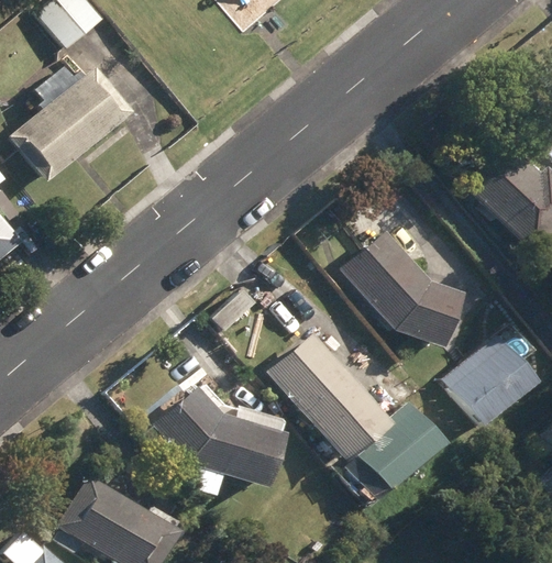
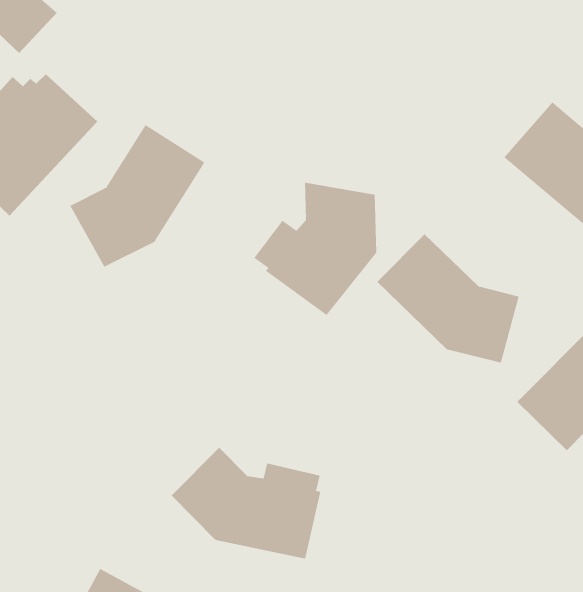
building: none -> [69,124,205,267]
building: none -> [254,182,377,316]
building: [272,333,442,496] -> none

